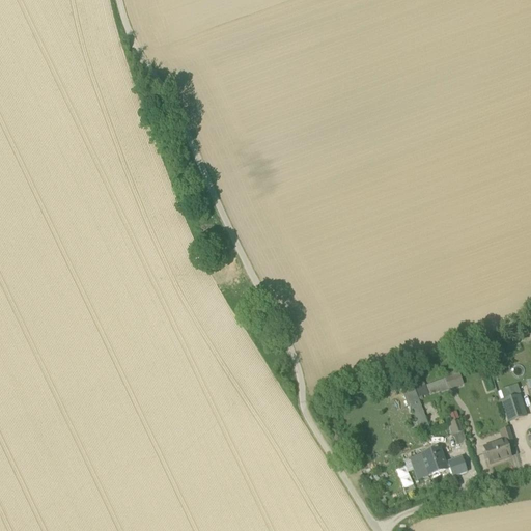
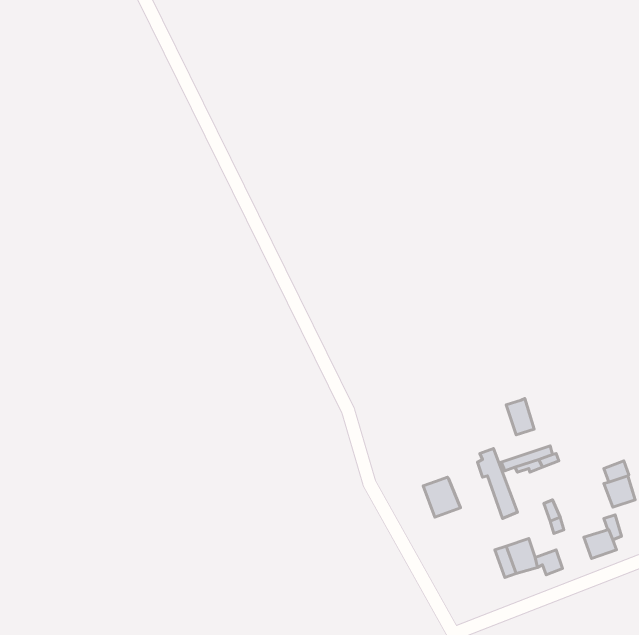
building: none -> [506,399,534,435]
building: none -> [423,477,460,517]

